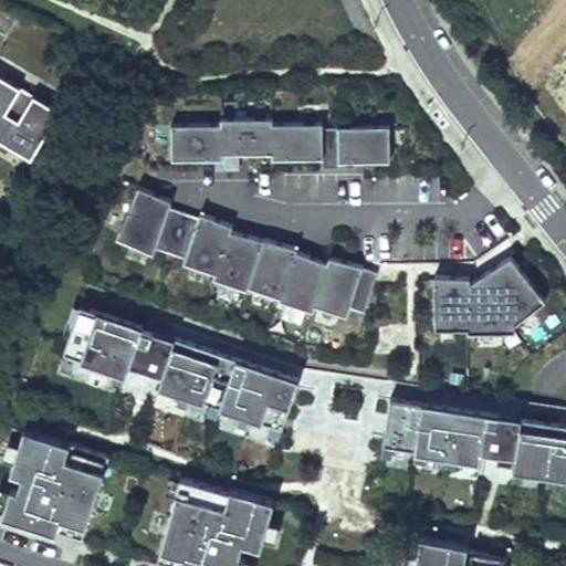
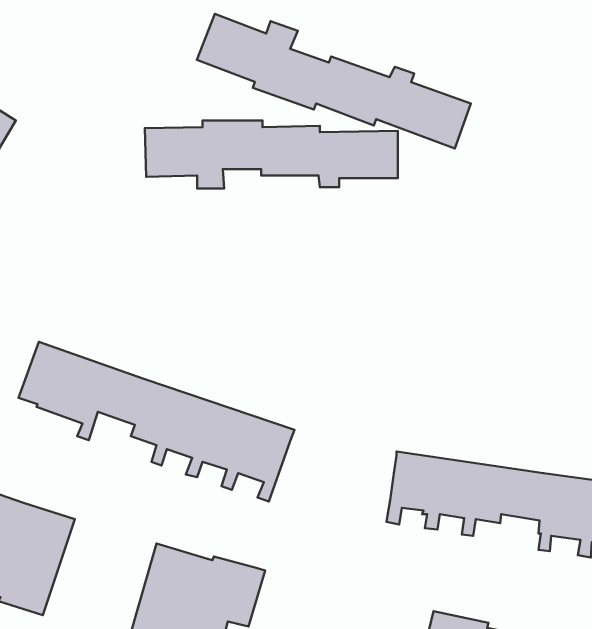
building: none -> [197,14,471,149]
building: [115,190,377,321] -> none
building: [432,259,546,337] -> none

